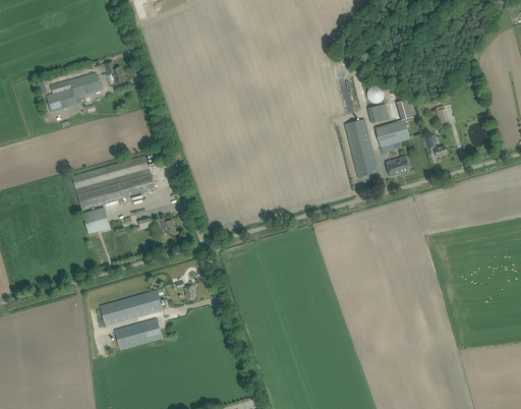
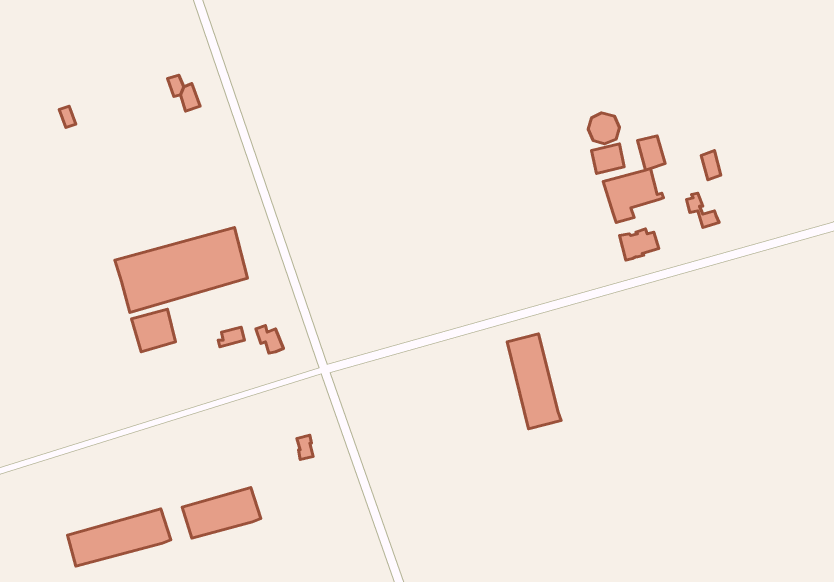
building: [46,72,102,112] -> none
building: [345,118,379,177] -> [507,334,561,429]
building: [100,289,164,325] -> [68,509,171,566]

